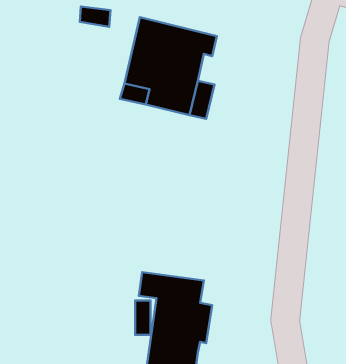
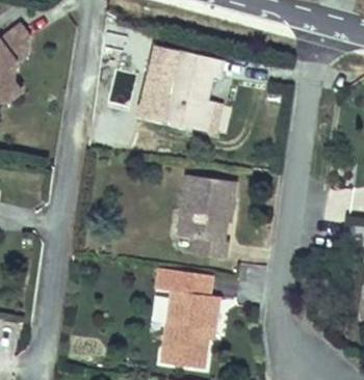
building: none -> [178,174,235,259]

